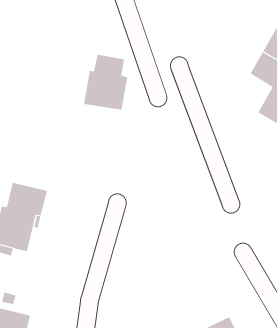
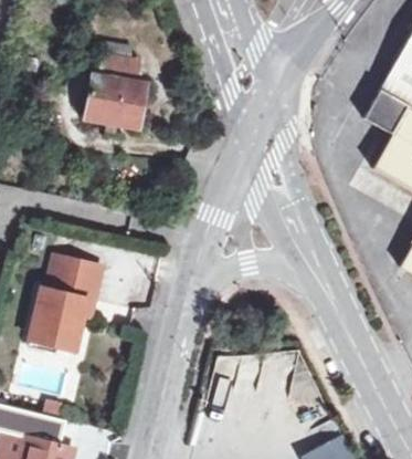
building: [83,54,128,110] -> [87,53,146,126]

